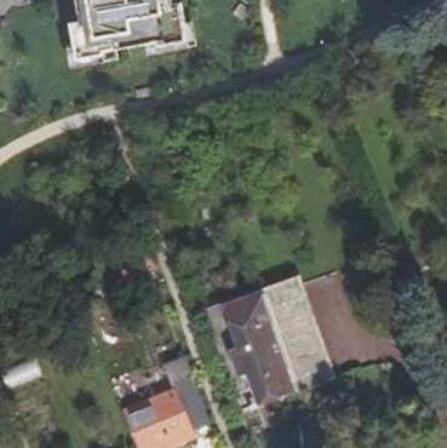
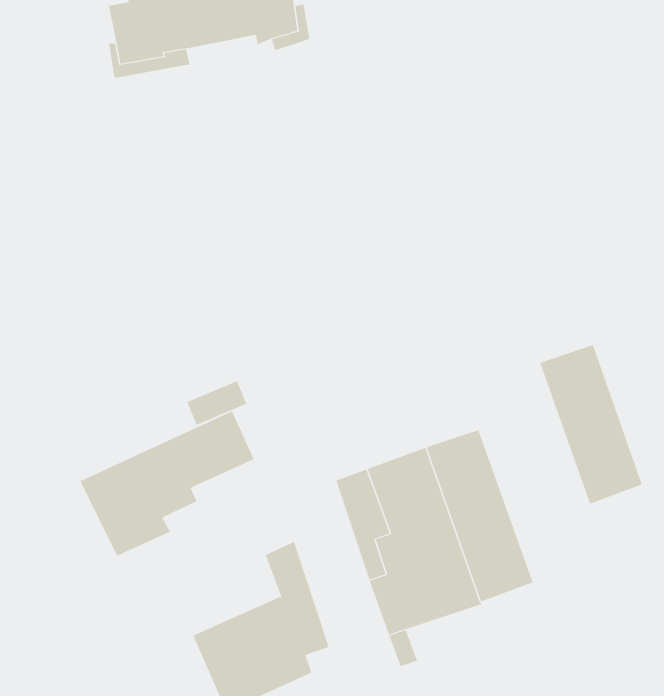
building: none -> [539,344,643,505]
building: none -> [79,410,254,557]

